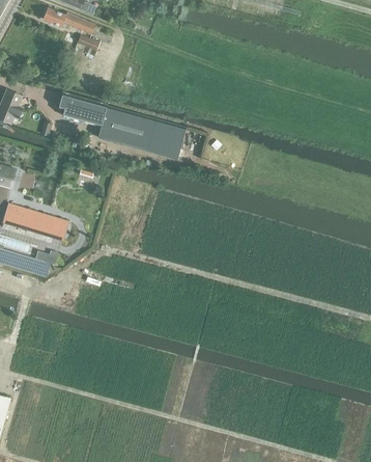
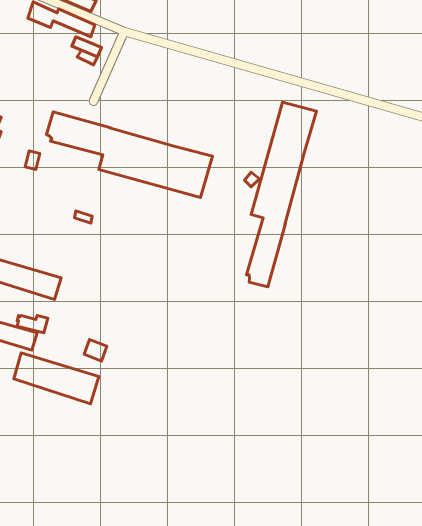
building: none -> [247,102,317,287]
building: none -> [14,353,99,404]

